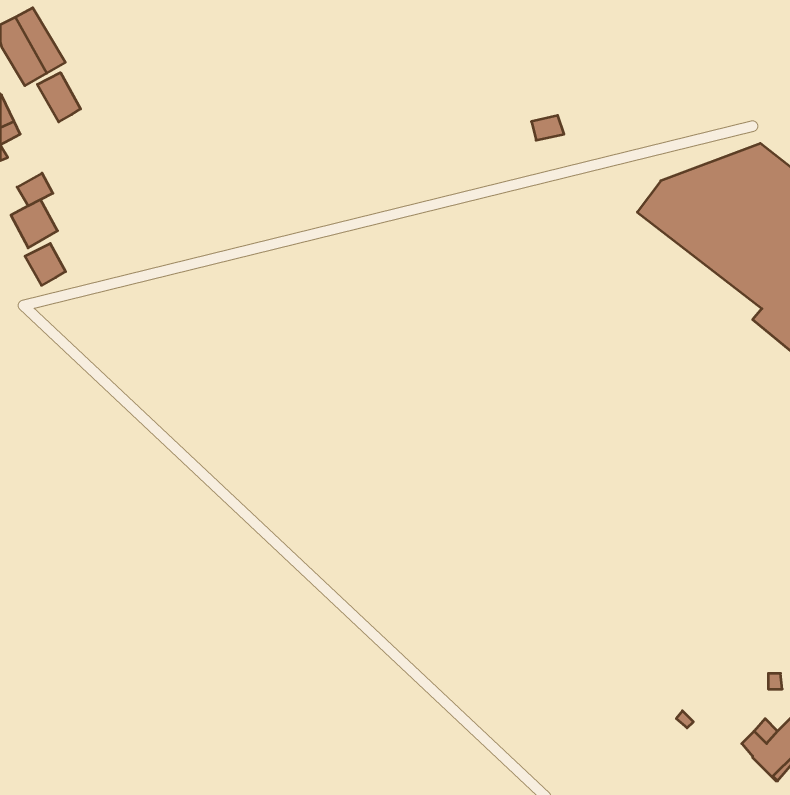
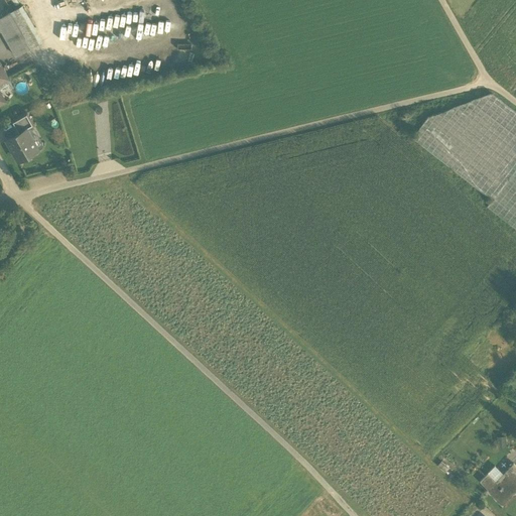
building: [37,73,81,122] -> none
building: [25,243,66,285] -> none

